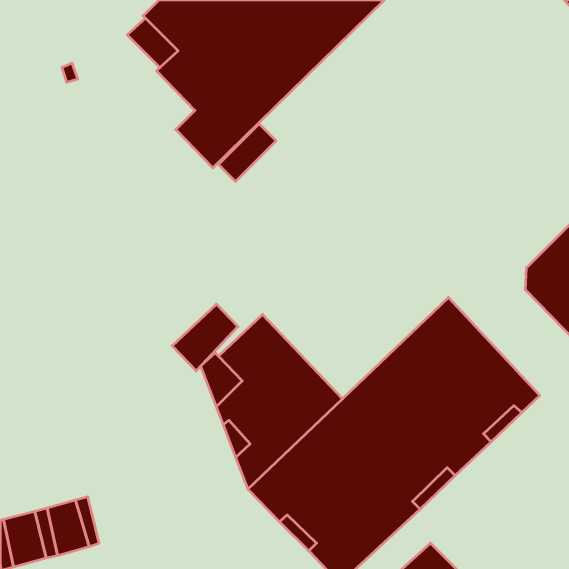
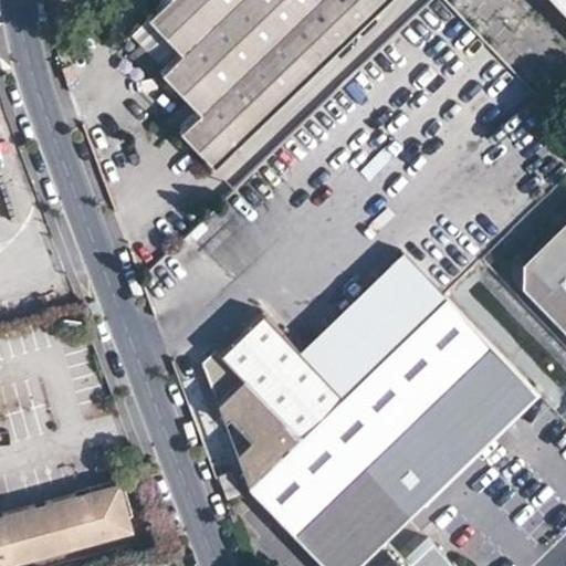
building: none -> [301,254,447,398]
building: [172,304,238,371] -> none
building: none -> [93,486,133,539]

